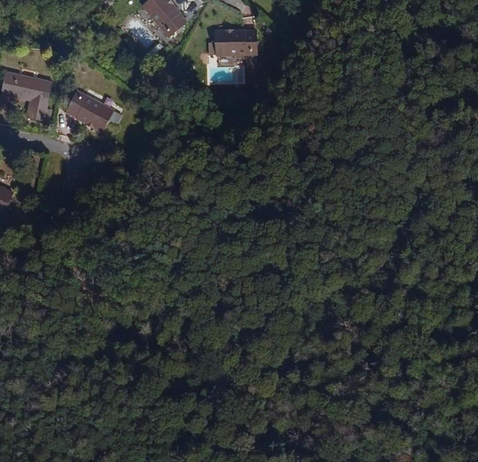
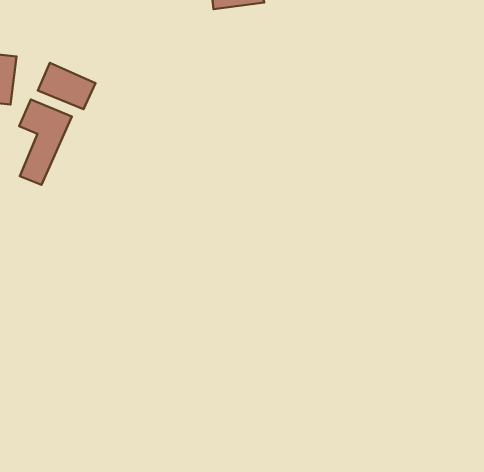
building: none -> [19,99,72,185]

